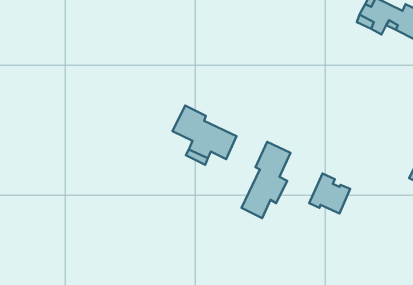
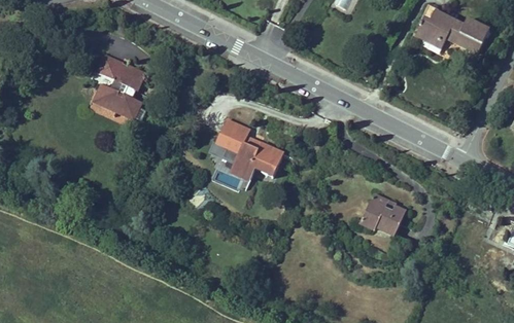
building: none -> [95,56,146,123]
building: [242,142,291,218] -> none

